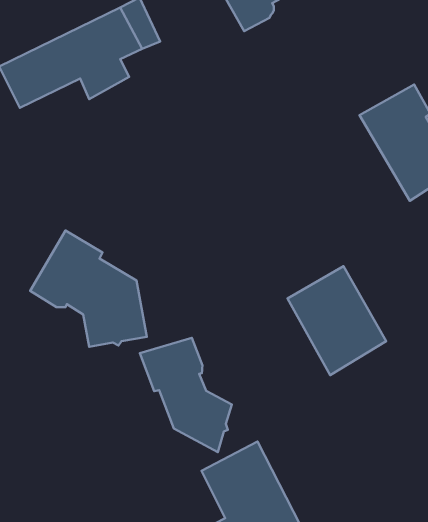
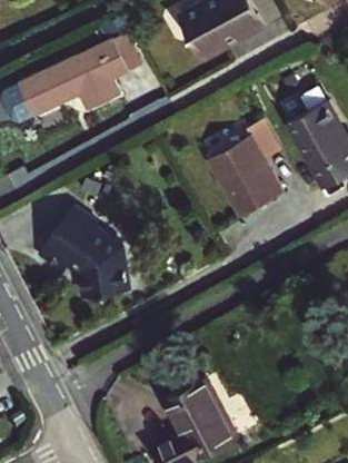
building: [287,266,386,375] -> [213,132,288,215]
building: [140,338,232,452] -> none

